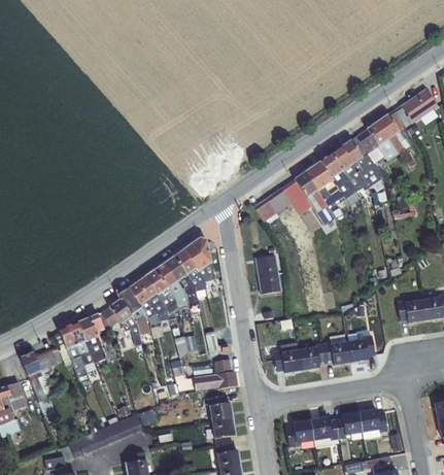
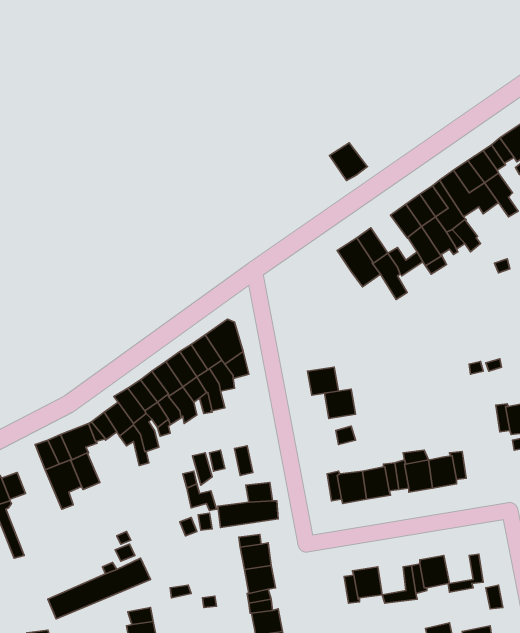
building: [305,162,333,190] -> [329,143,367,181]
building: [253,188,291,222] -> none
building: [255,255,278,276] -> [325,389,355,419]
building: [358,408,380,432] -> none
building: [310,416,331,440] -> none

